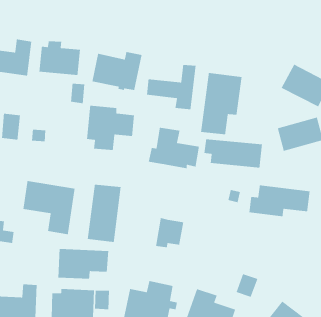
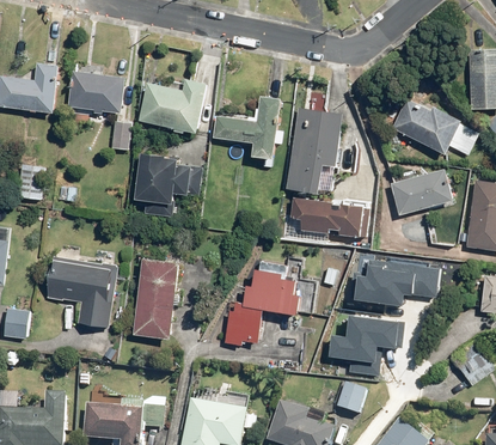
building: [148,127,200,169] -> [243,258,313,316]
building: none -> [326,316,400,374]
building: [58,248,109,279] -> none

